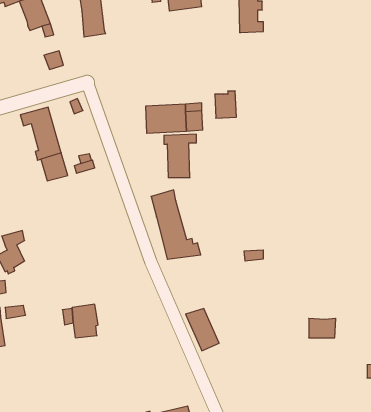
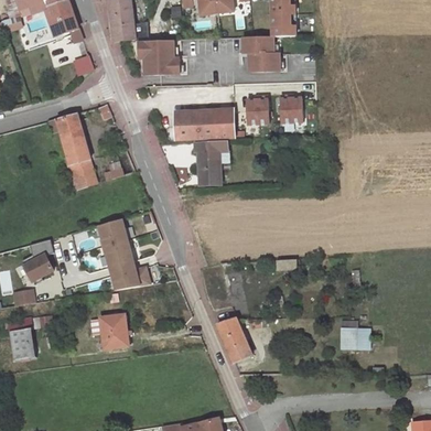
building: none -> [241,37,279,73]
building: none -> [137,40,179,74]
building: none -> [280,96,301,123]
building: [151,190,201,259] -> [98,218,149,289]

